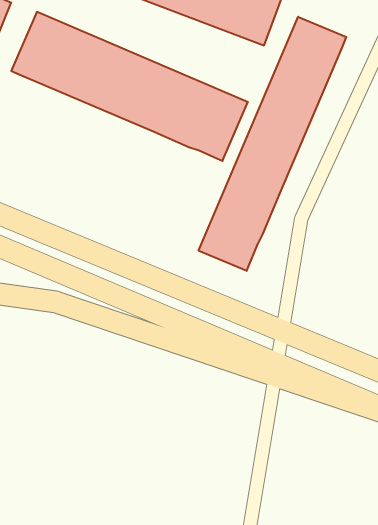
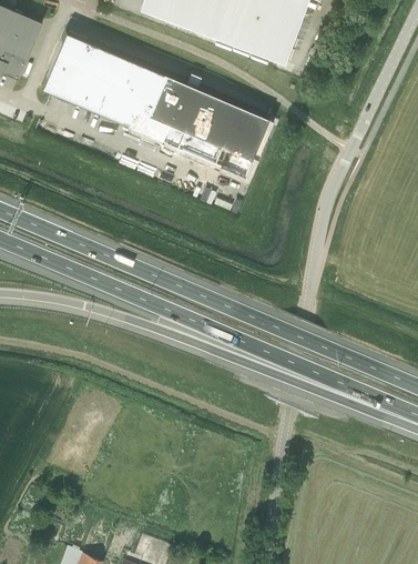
building: [199,17,346,271] -> none

